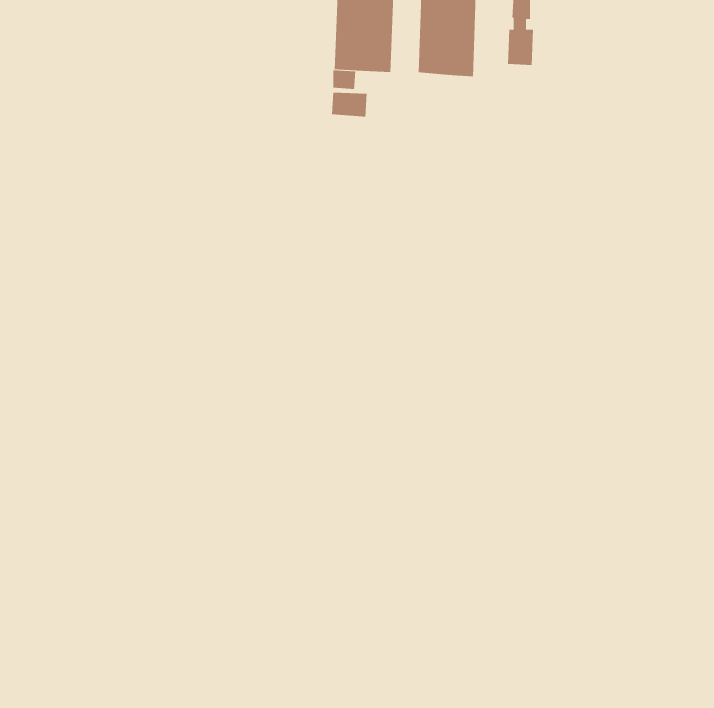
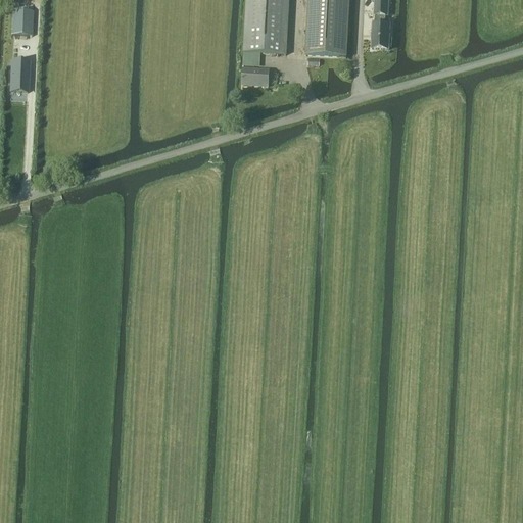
building: none -> [11,6,33,34]
building: none -> [9,57,27,88]

